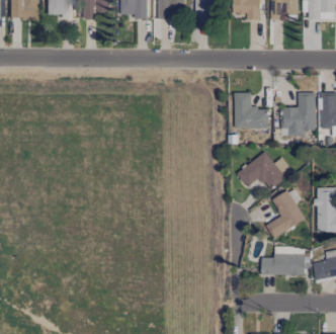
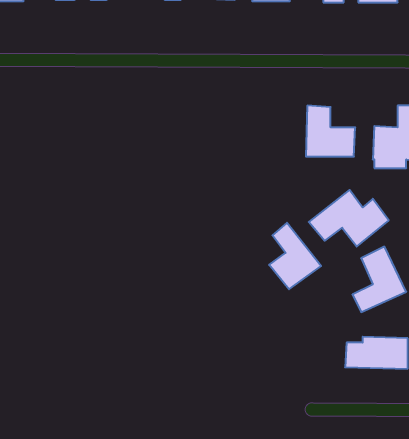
building: none -> [269,223,321,289]

